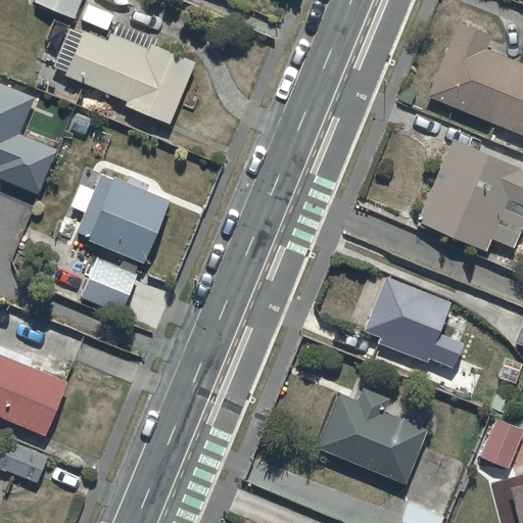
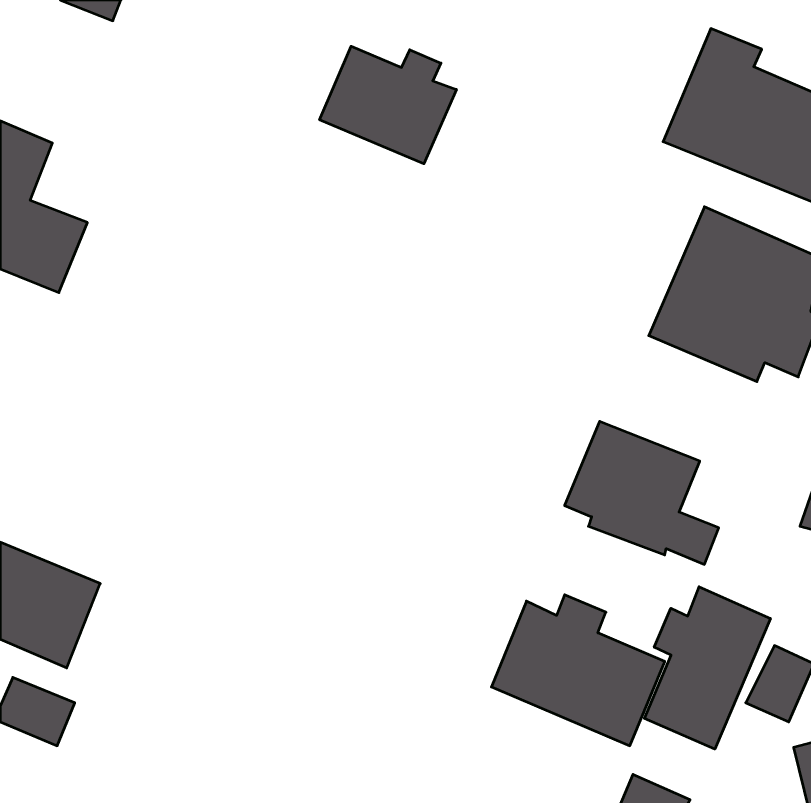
building: [41,25,195,125] -> none
building: none -> [320,46,456,164]
building: [72,175,168,314] -> none
building: none -> [644,587,770,749]

